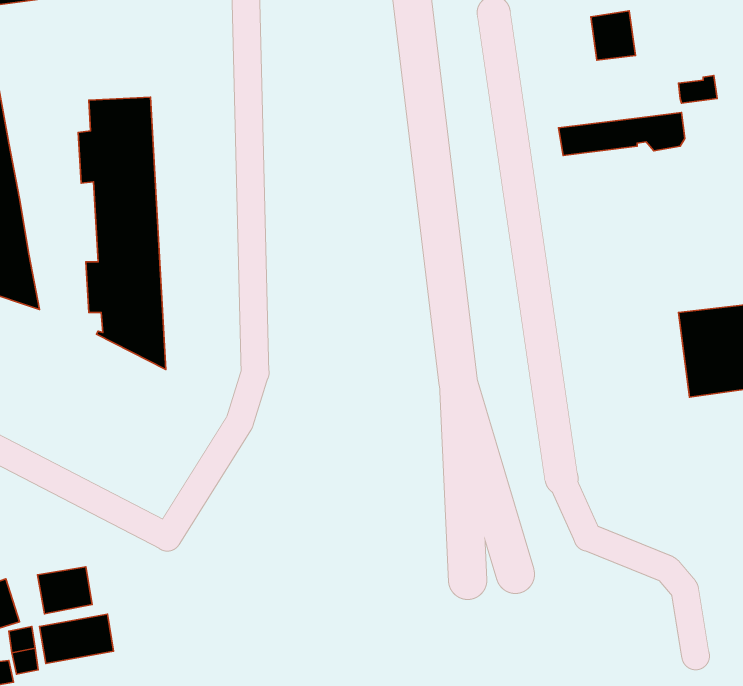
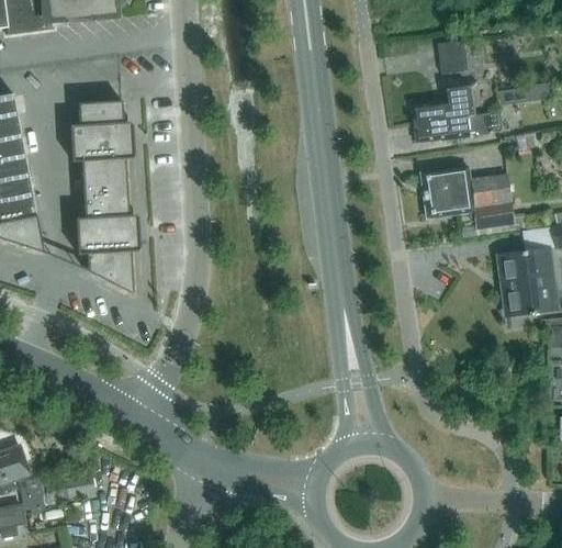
building: none -> [412,85,475,121]
building: none -> [422,166,515,227]
building: [37,567,92,614] -> none

